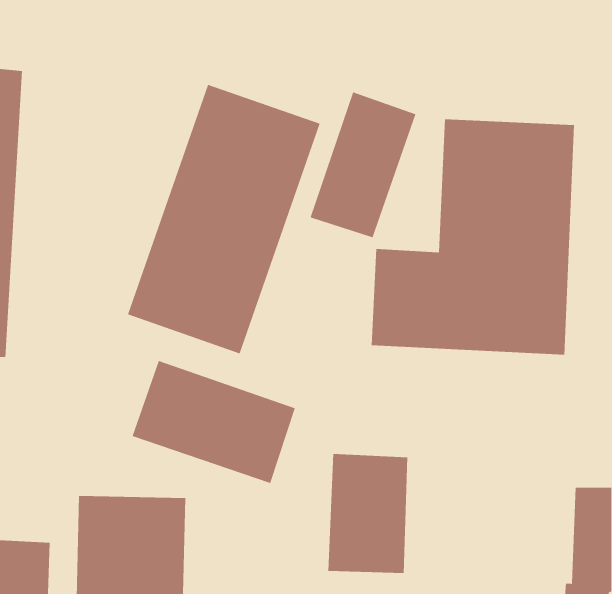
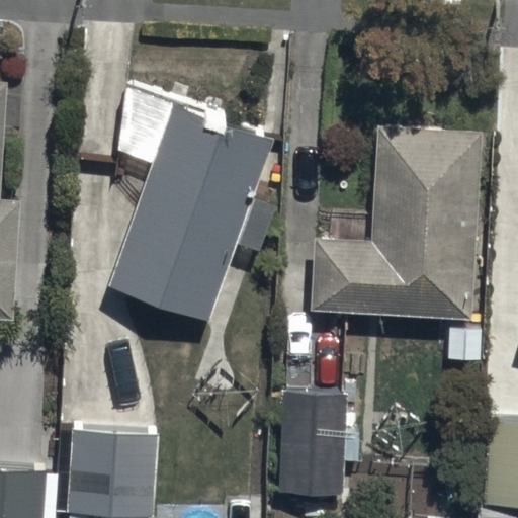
building: [310,92,416,238] -> none
building: [132,360,295,484] -> none

